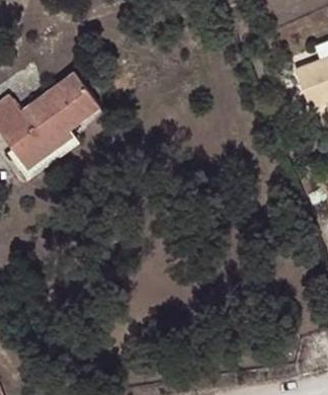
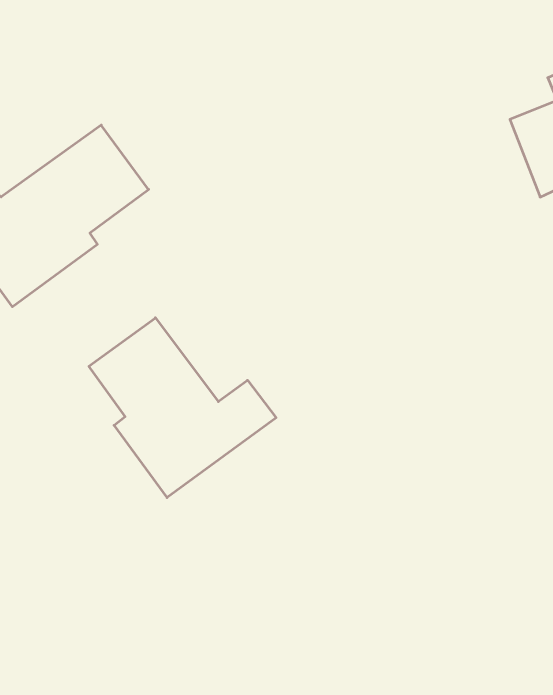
building: none -> [89,318,276,498]

